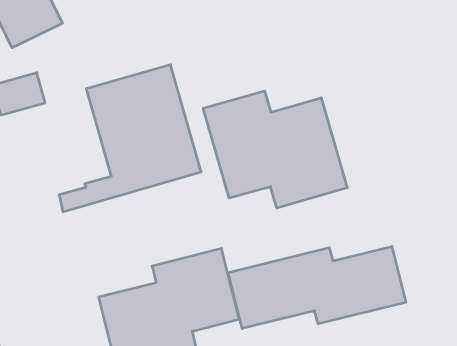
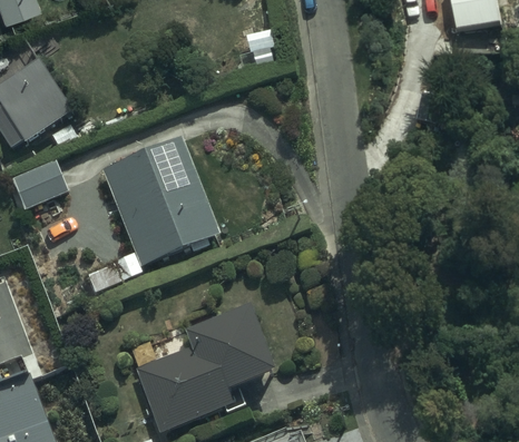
building: [203,91,347,208] -> none
building: [228,246,406,329] -> none

